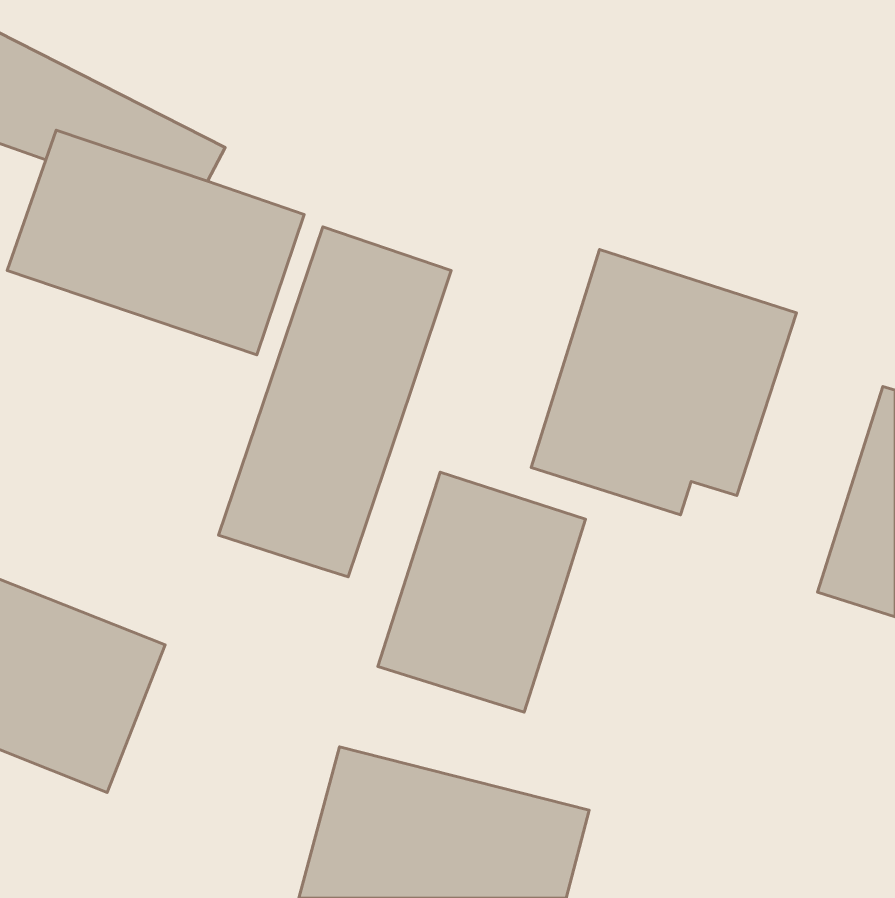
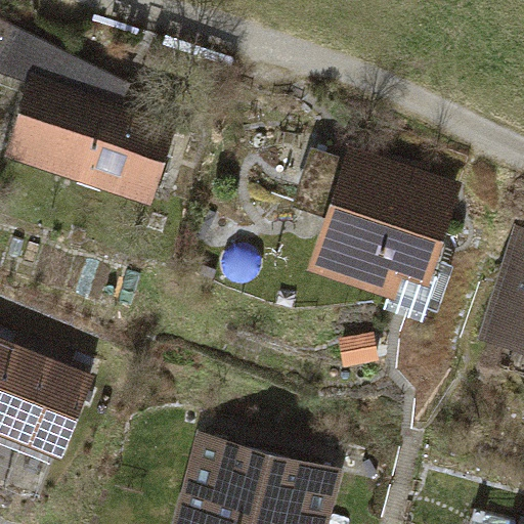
building: [219,227,451,577] -> none
building: [378,472,586,712] -> none

